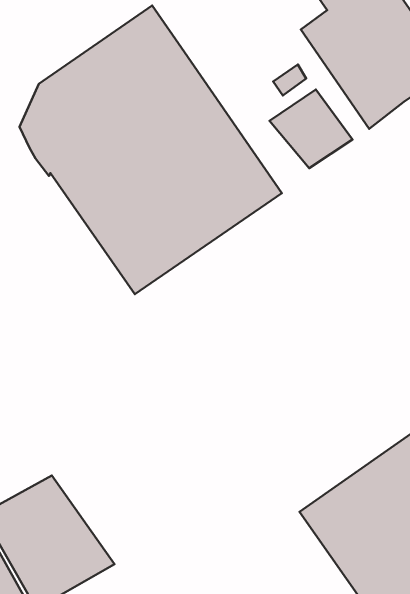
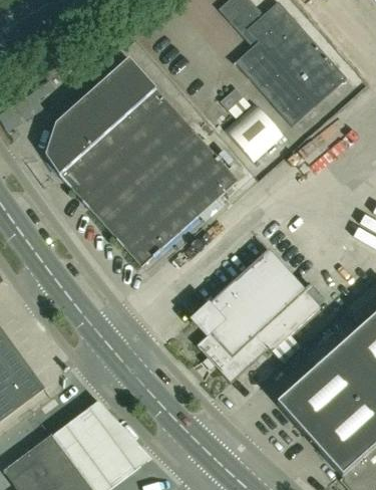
building: none -> [191,250,320,384]

